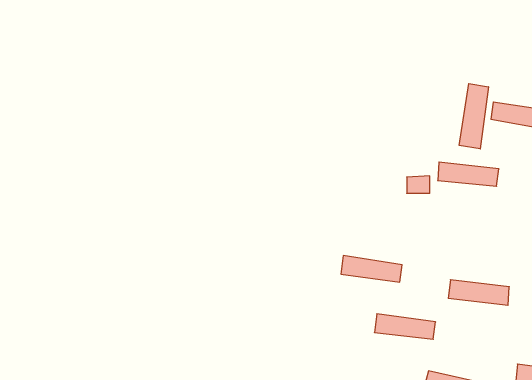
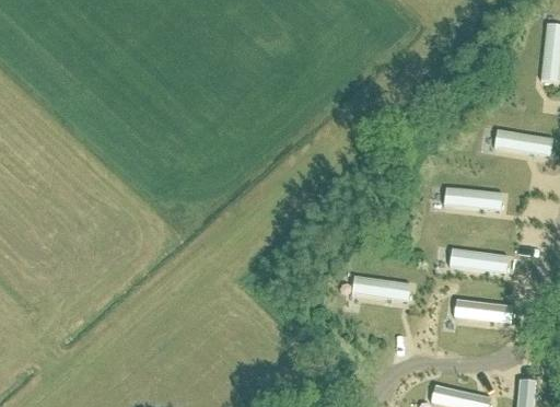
building: [459,84,488,149] -> none
building: [374,314,436,339] -> [451,248,509,272]

